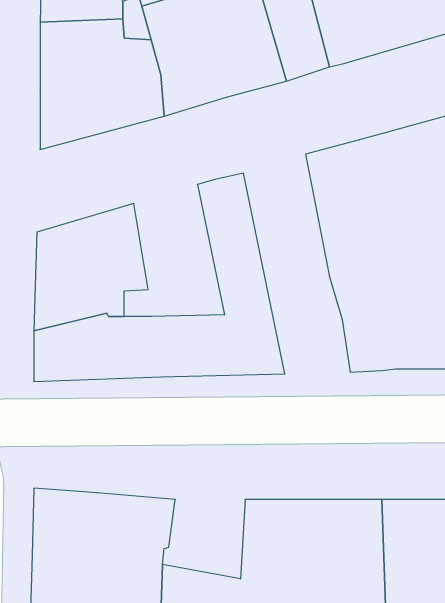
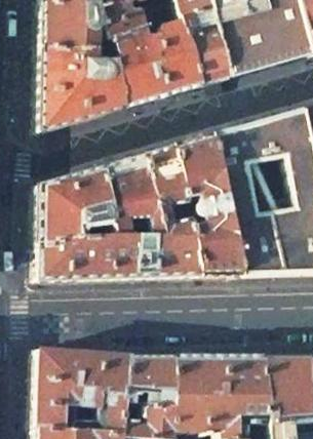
building: none -> [172,133,241,275]
building: none -> [102,153,160,238]
building: none -> [120,356,173,407]

